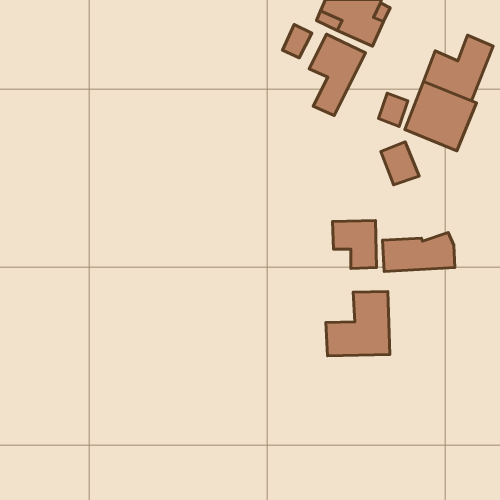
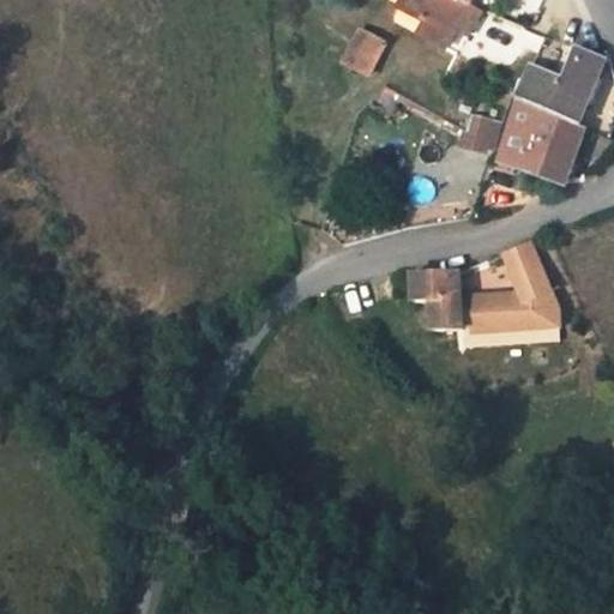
building: [309,34,366,116] -> none
building: [381,142,419,185] -> [501,242,548,295]
building: [326,291,390,356] -> none

